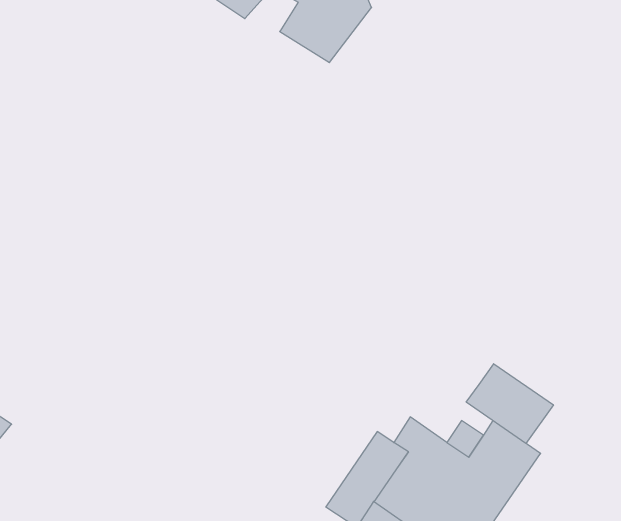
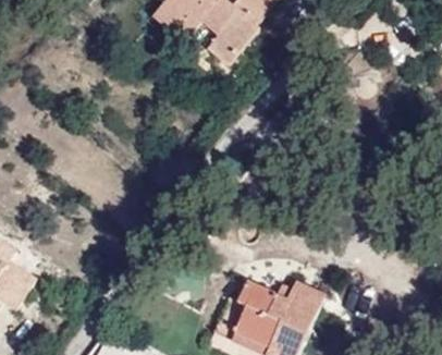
building: [466,364,553,443] -> none

